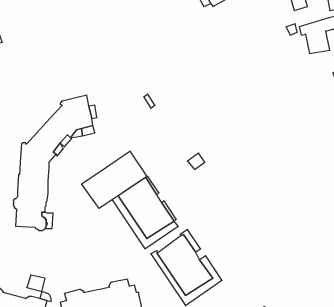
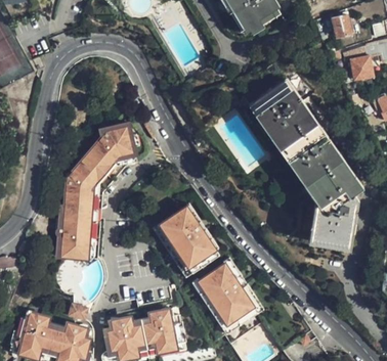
building: none -> [254,78,356,241]
building: [82,151,147,208] -> none

